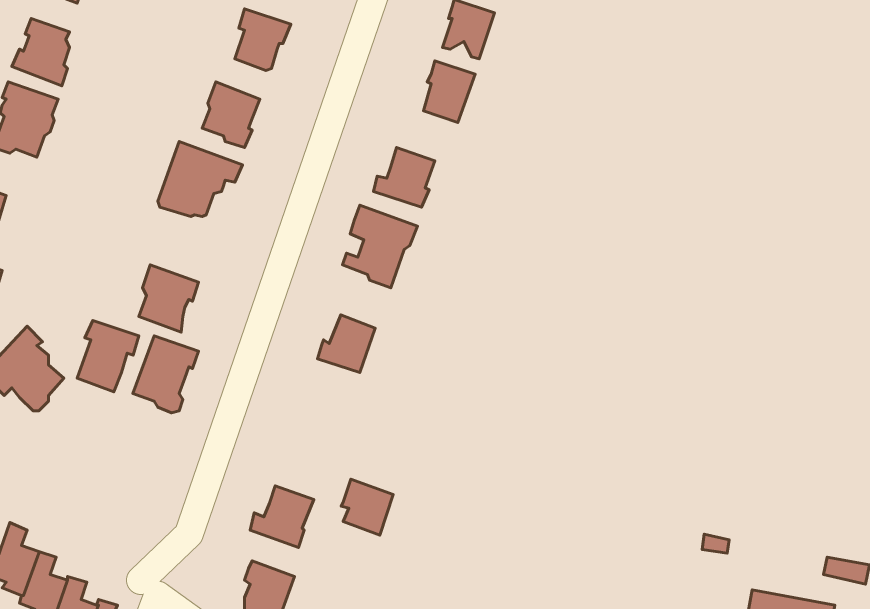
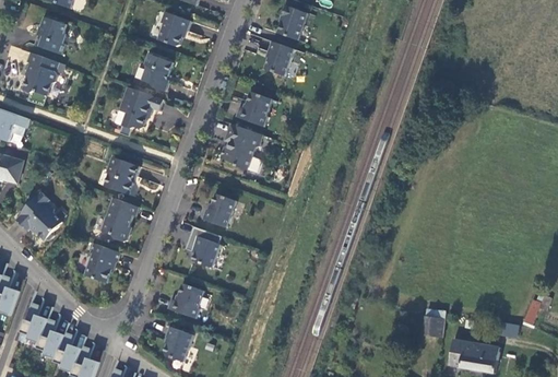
building: [77,321,139,392] -> [86,243,121,283]
building: [341,479,393,535] -> [190,235,219,267]

